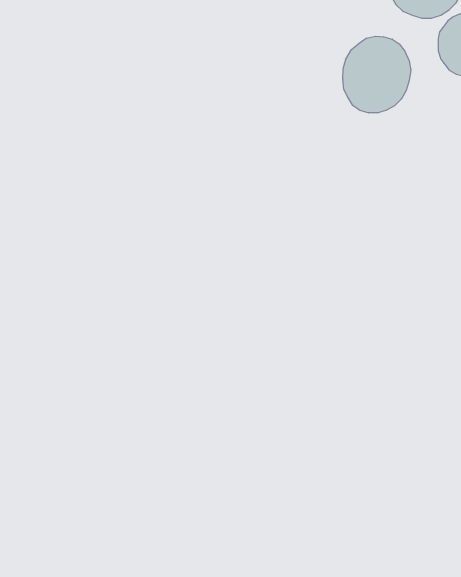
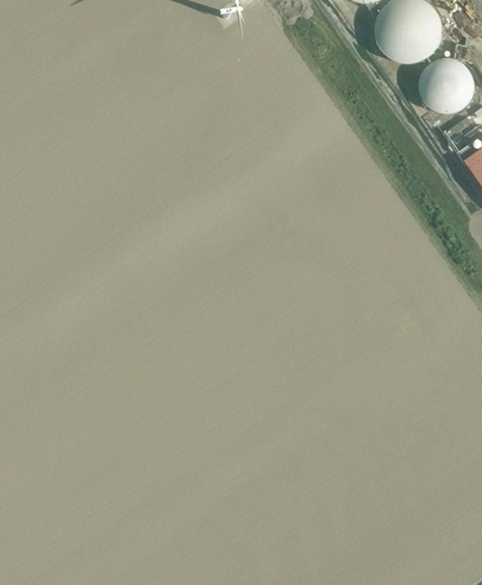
building: [343,36,411,113] -> none

